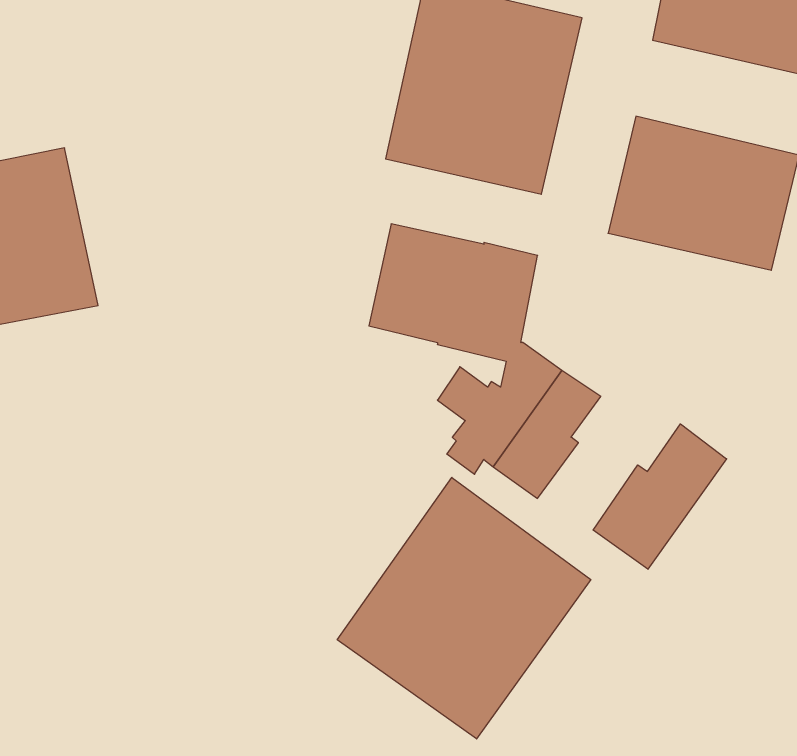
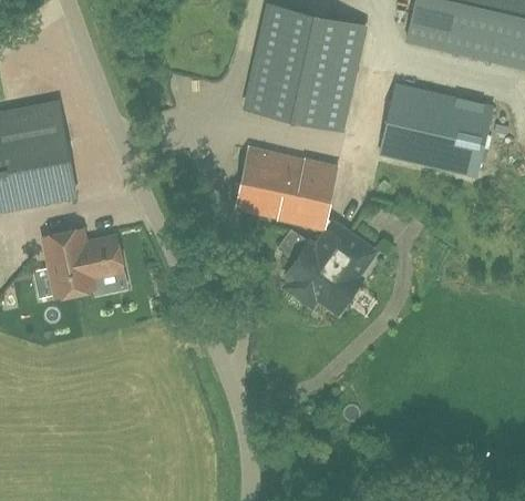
building: none -> [43,231,123,297]
building: [593,424,727,569] -> none
building: [337,477,591,739] -> none

